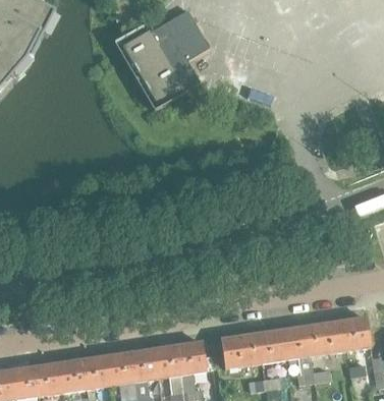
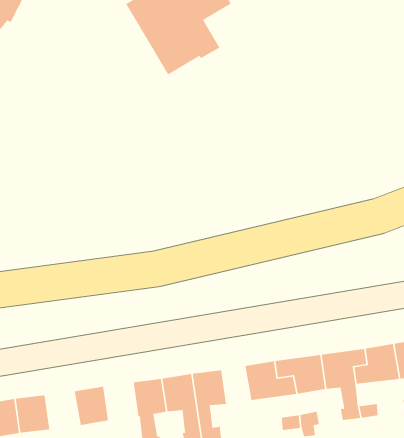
building: [105,352,132,384] -> none
building: [57,359,86,391] -> none

